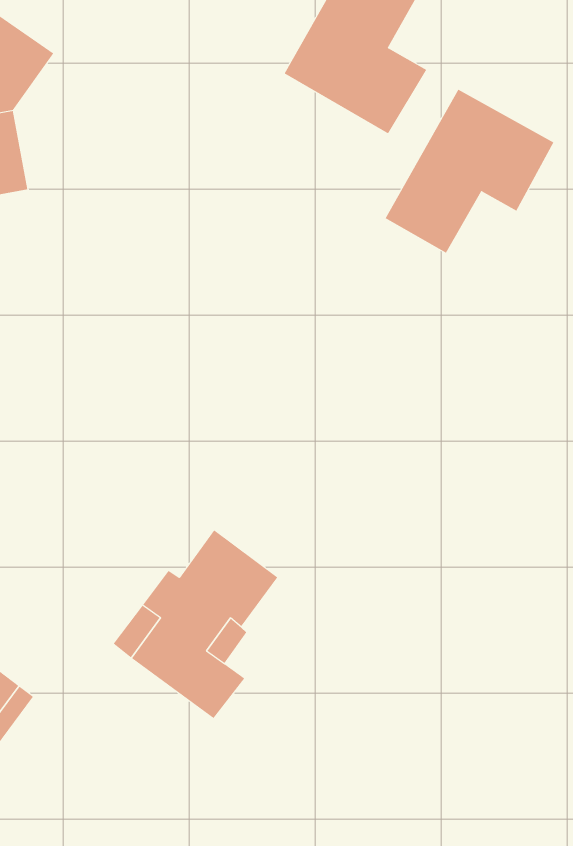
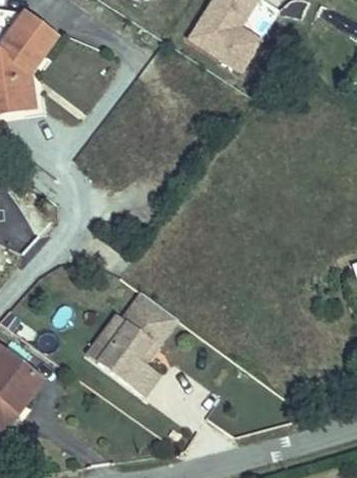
building: [385,89,554,253] -> none

